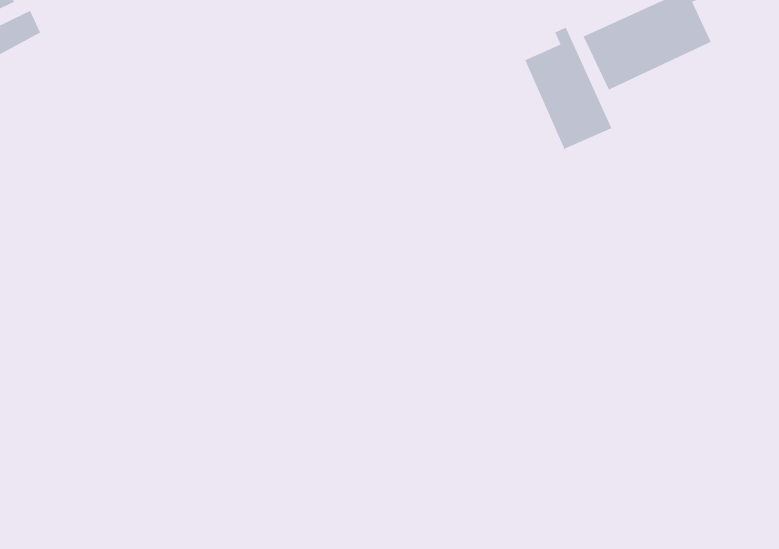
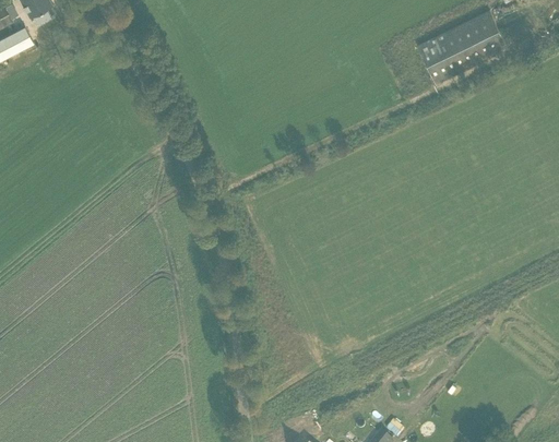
building: [524,27,612,150] -> none

